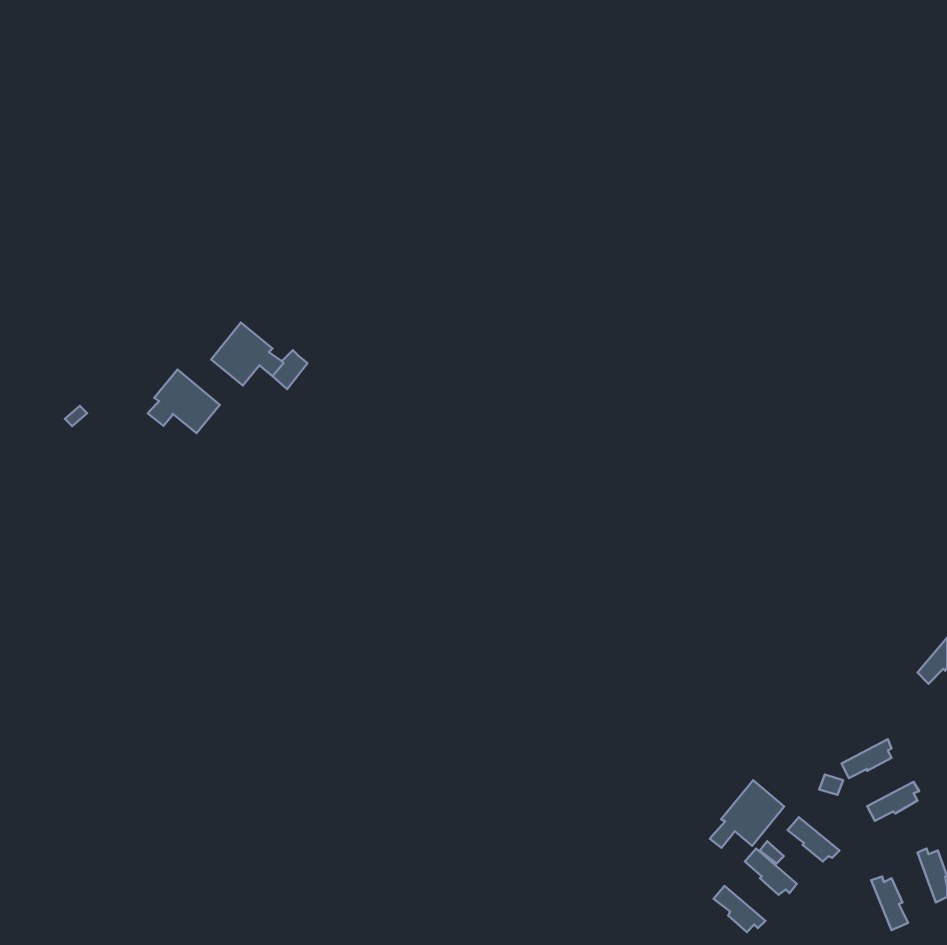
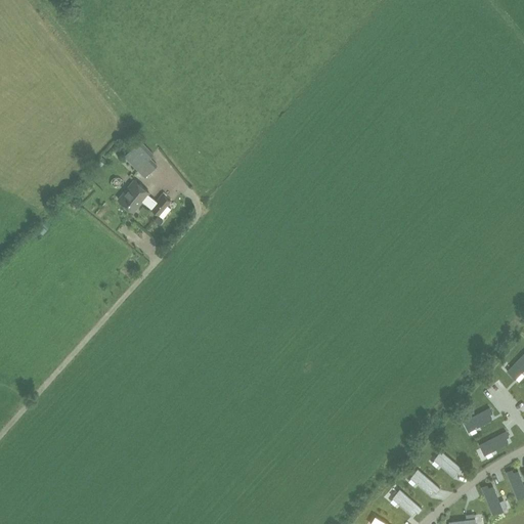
building: none -> [124,140,155,175]
building: [148,369,220,433] -> none
building: [710,780,784,848] -> none

